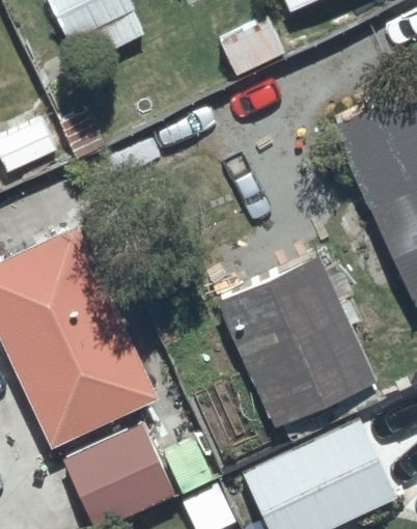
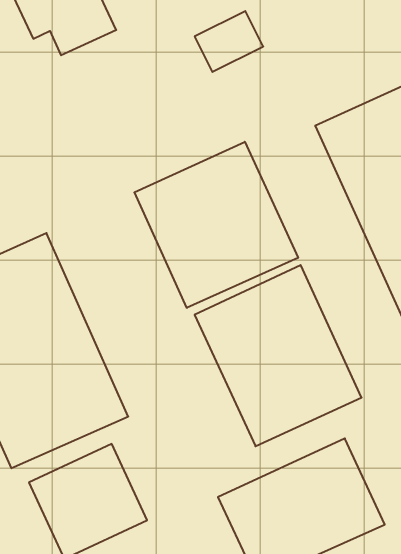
building: none -> [134,142,298,308]

